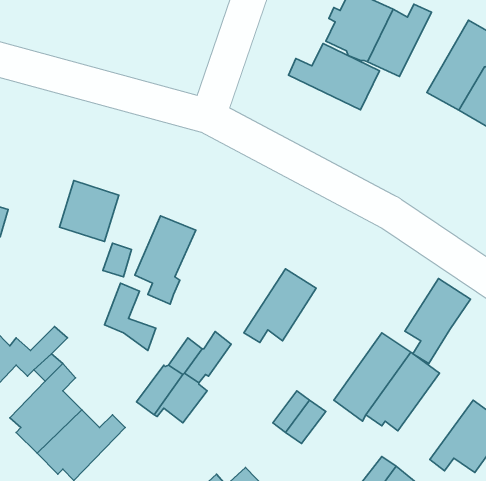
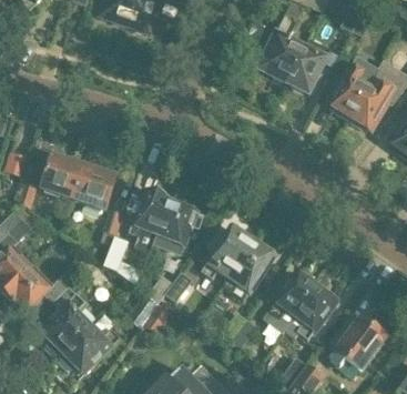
building: [288,43,379,110] -> none
building: none -> [42,155,84,198]
building: none -> [153,200,203,255]
building: [405,278,471,363] -> [228,240,274,299]

